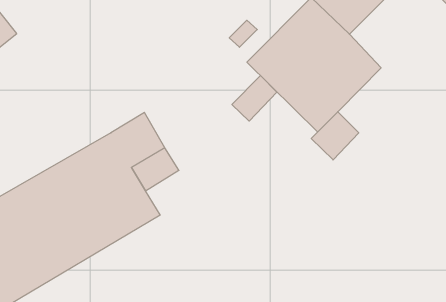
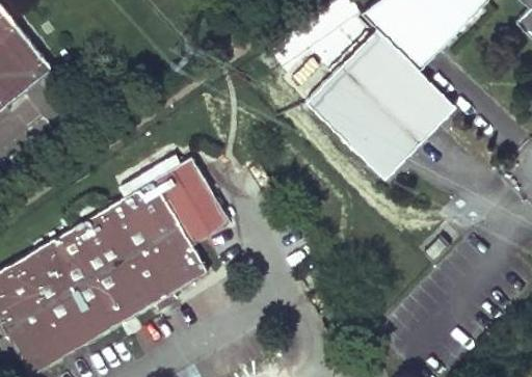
building: [232,75,277,121] -> none
building: [311,112,359,160] -> none

